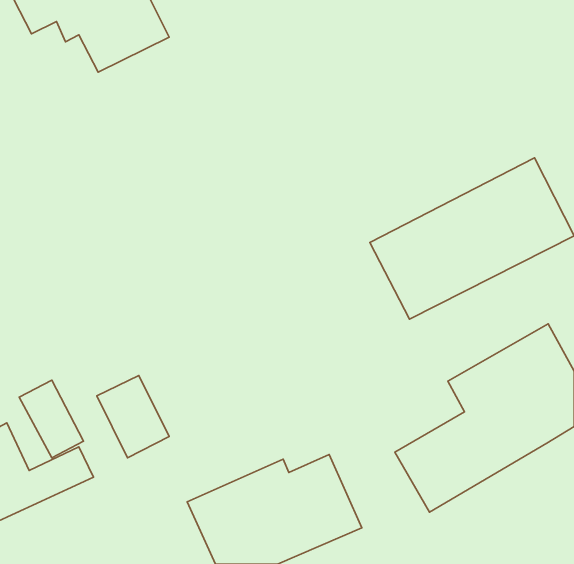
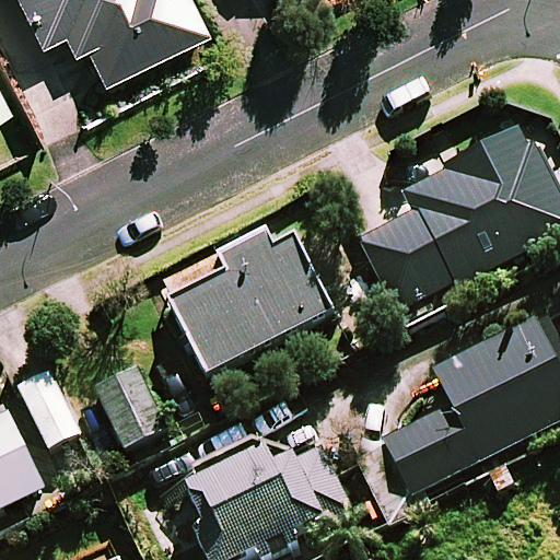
building: none -> [171,233,329,370]

